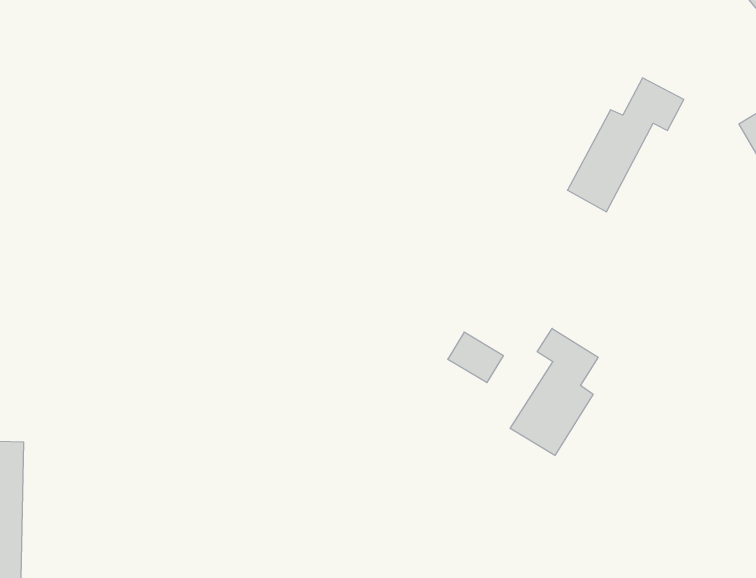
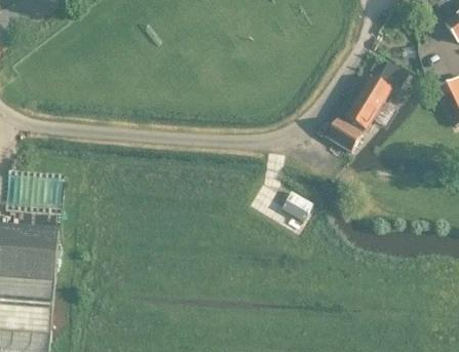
building: none -> [326,119,362,152]
building: [510,328,598,455] -> none

